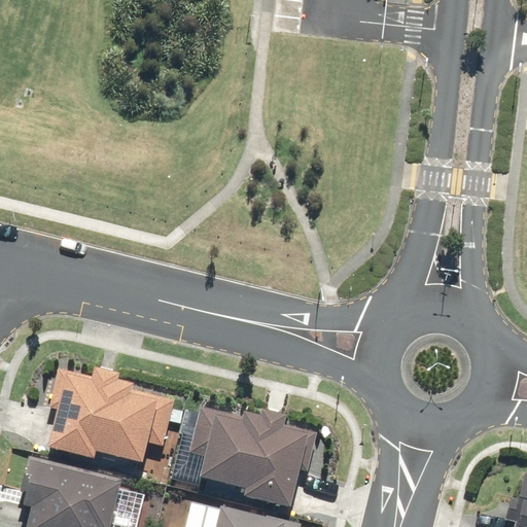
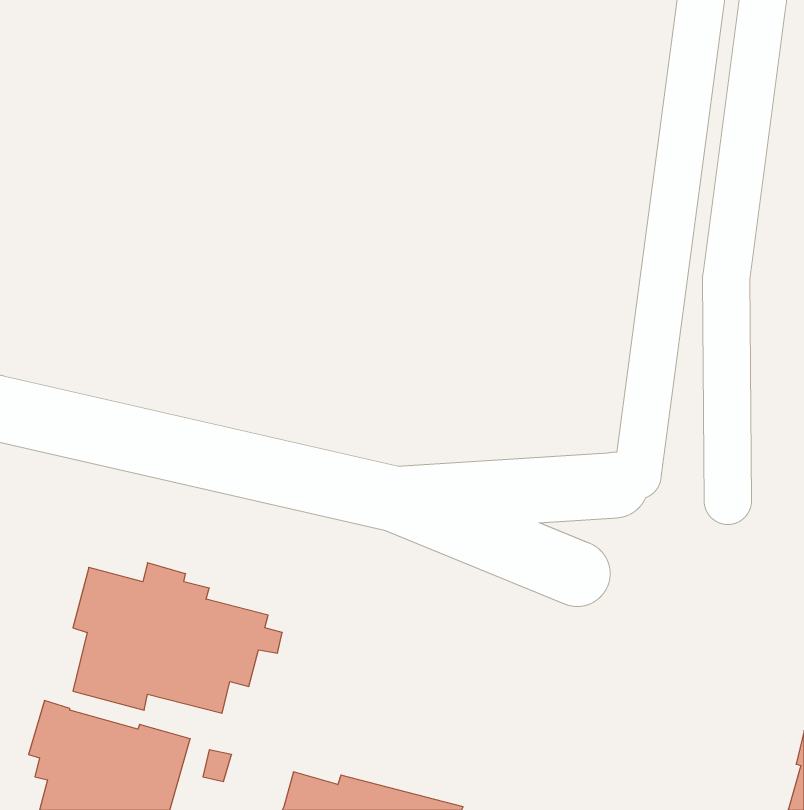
building: [186,406,316,508] -> none

